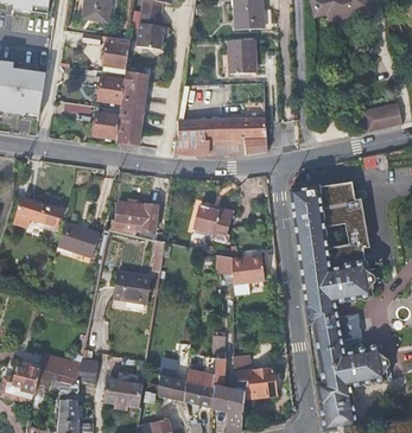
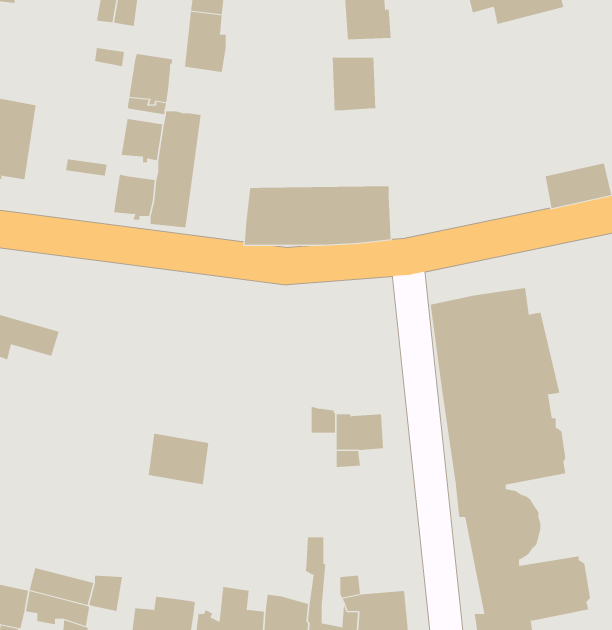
building: [110,202,158,231] -> none
building: [192,205,229,231] -> none
building: [58,221,100,256] -> none

